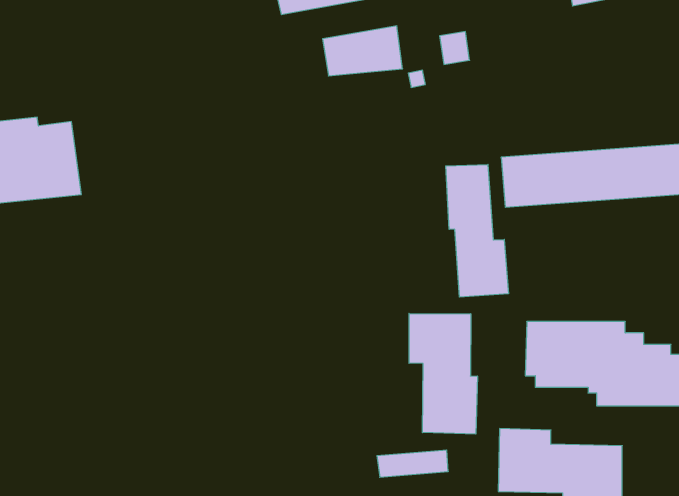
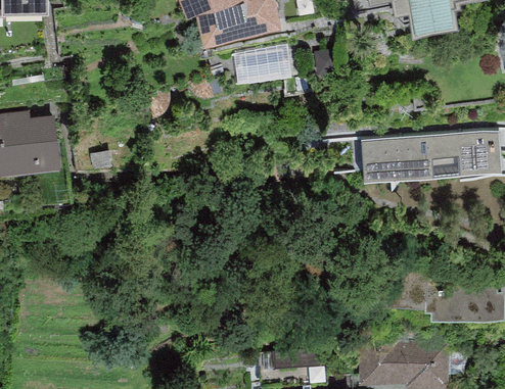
building: [446,164,508,297] -> none
building: [409,313,477,434] -> none

